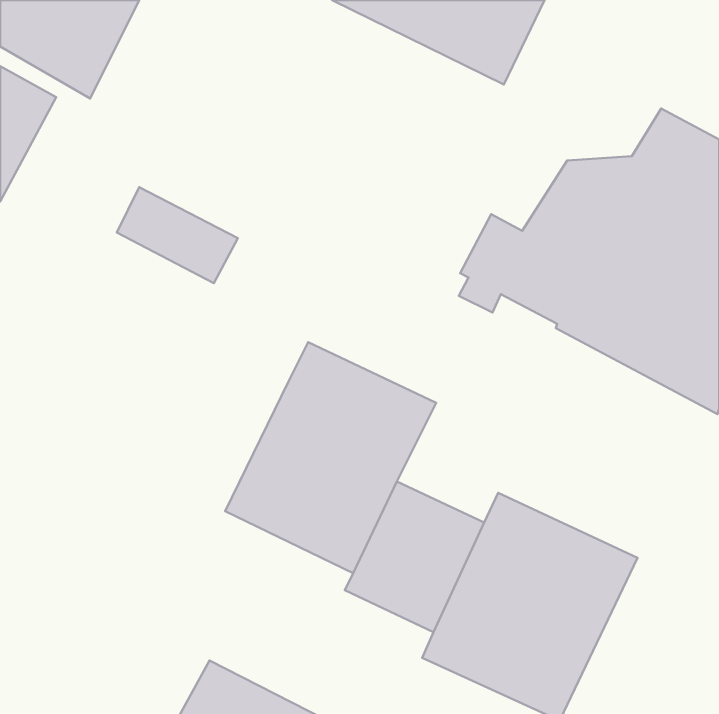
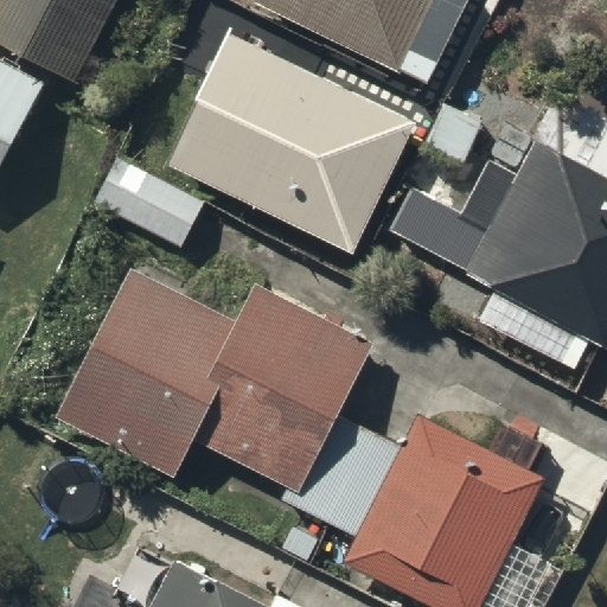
building: none -> [172,36,409,243]
building: none -> [65,274,243,468]

